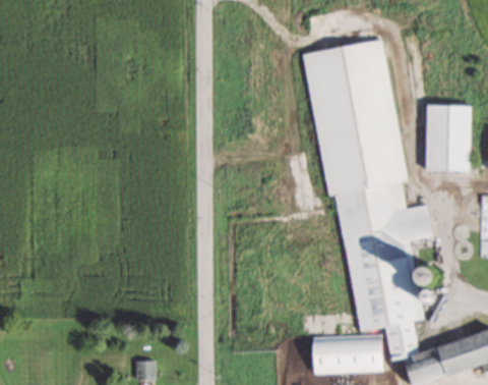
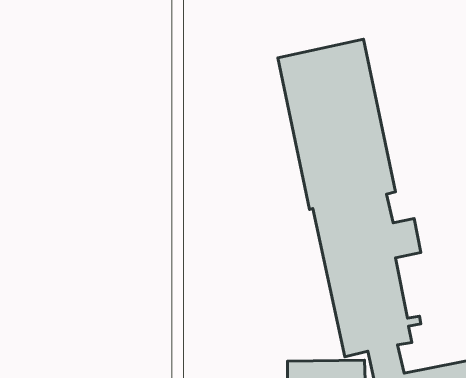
building: [424,106,469,171] -> none

